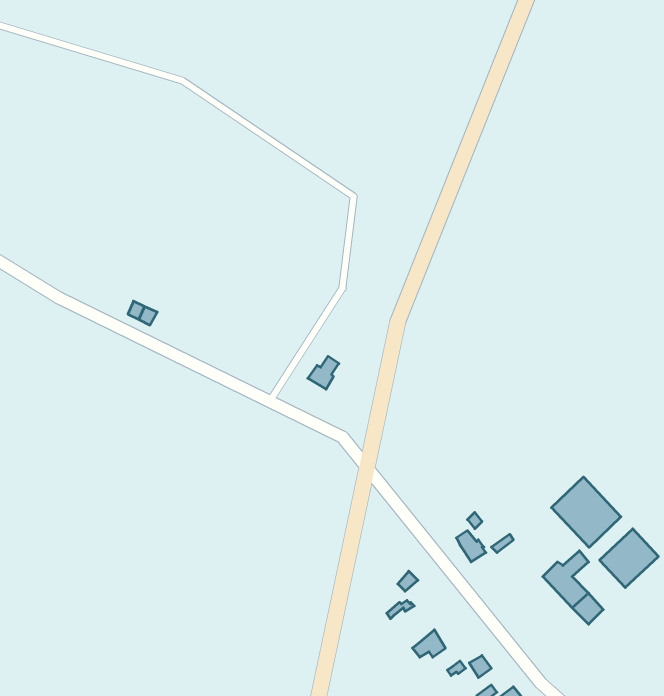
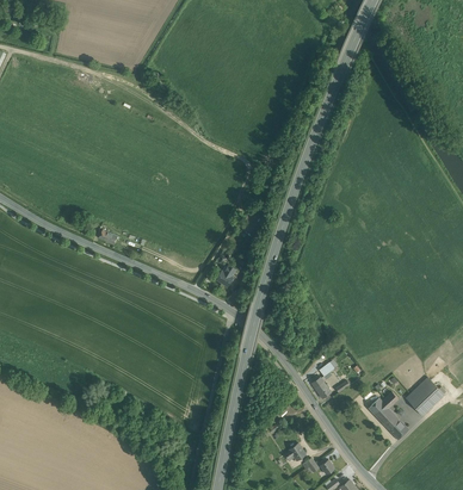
building: [551,477,621,547] -> none

